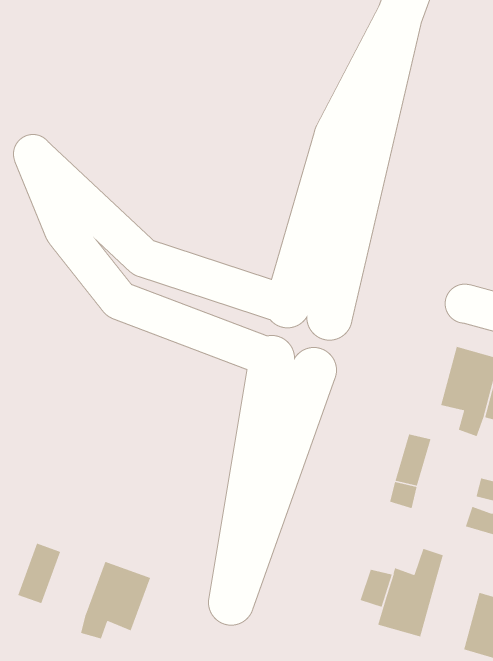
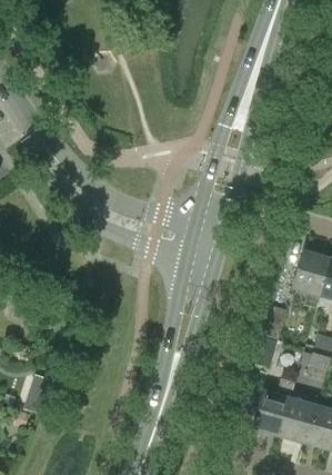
building: [80,561,151,640] -> none
building: none -> [280,398,316,443]

